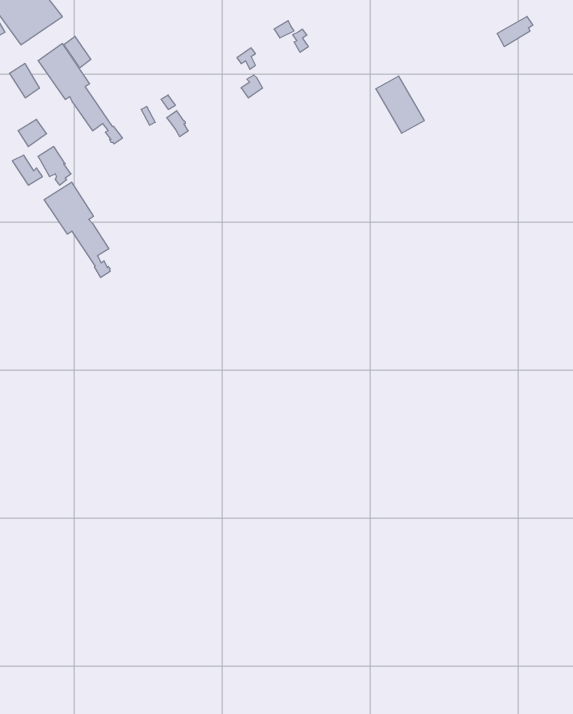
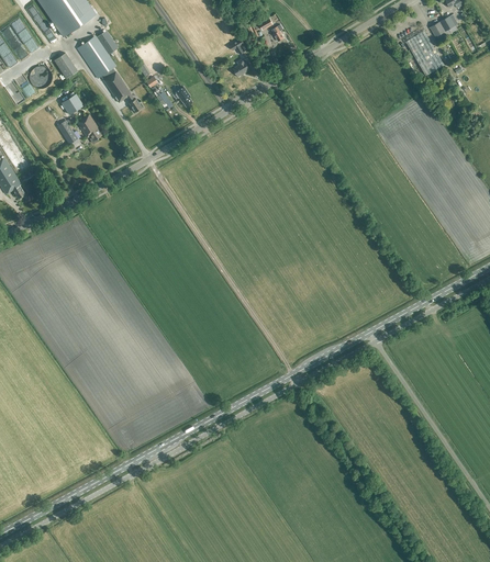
building: [376,76,424,133] -> [407,31,444,75]
building: [44,182,110,278] -> none

